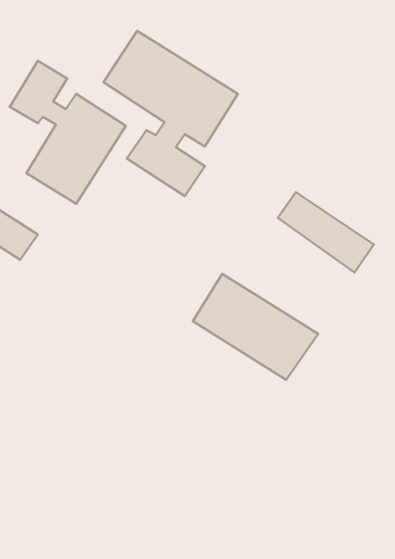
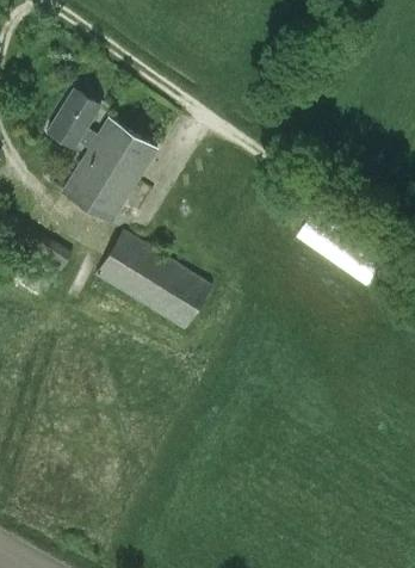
building: [104,31,238,196] -> none
building: [193,274,318,380] -> [97,230,213,329]

